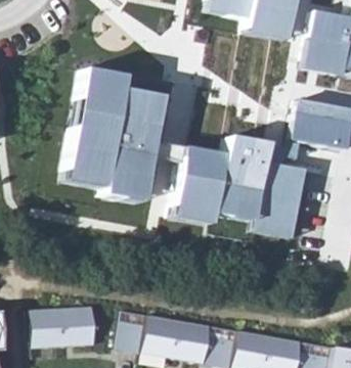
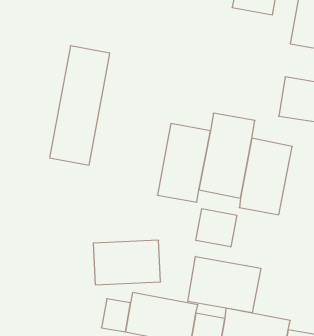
building: [105,89,164,200] -> none
building: none -> [196,209,237,247]
building: none -> [188,256,261,313]
building: [32,307,98,351] -> [93,240,161,285]

